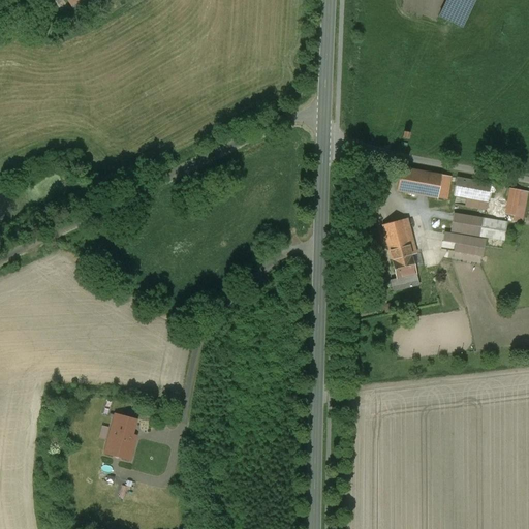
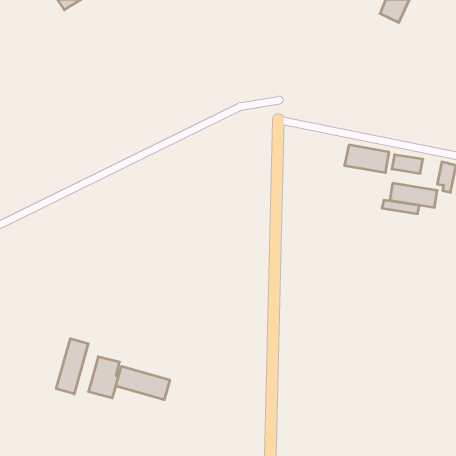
building: [380,218,419,291] -> none
building: none -> [56,339,88,394]
building: none -> [116,366,170,400]

